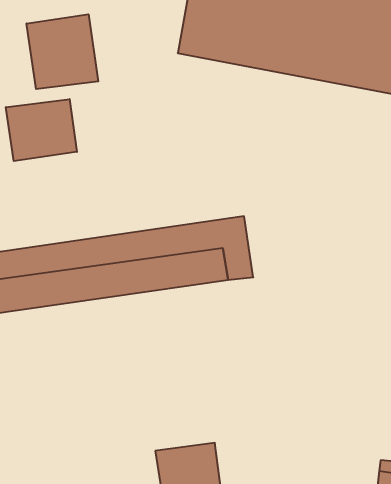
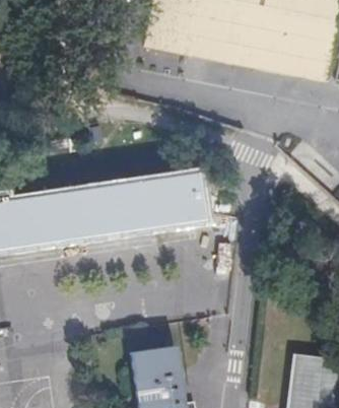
building: [27,14,98,89] -> none
building: [6,99,77,161] -> none

